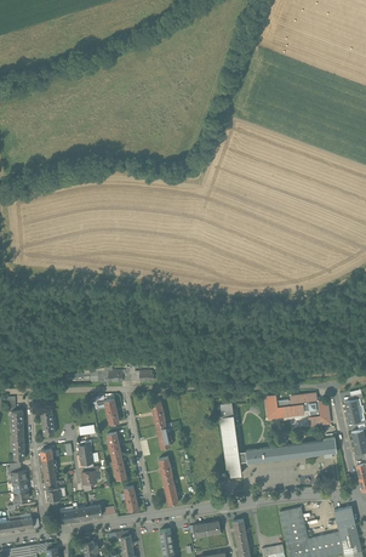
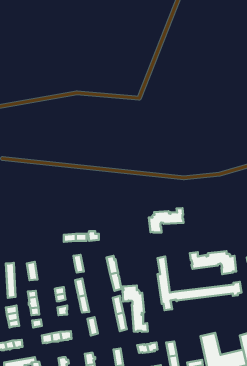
building: none -> [149,208,183,232]
building: none -> [123,285,148,332]

